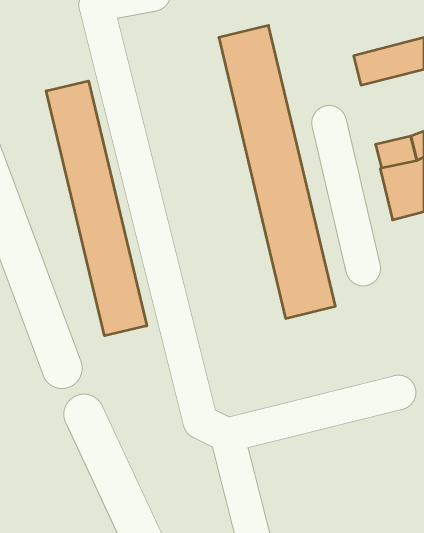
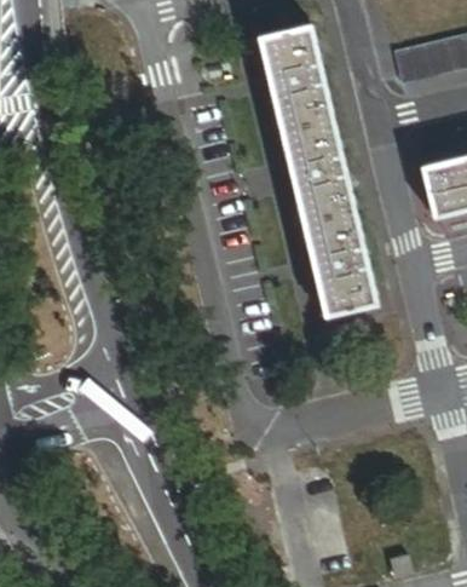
building: [46,81,147,336] -> none

